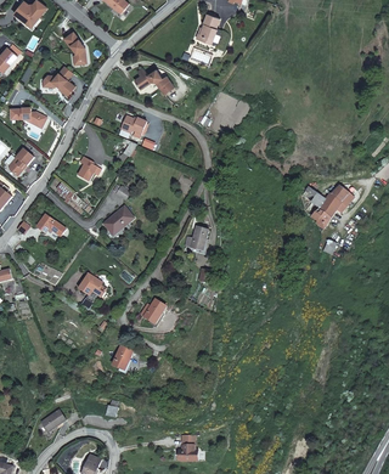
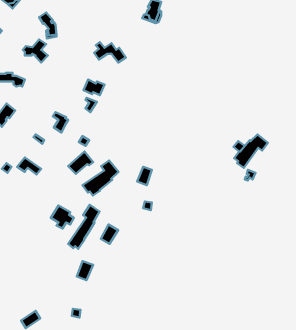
building: none -> [83,160,118,196]
building: none -> [68,205,99,249]

